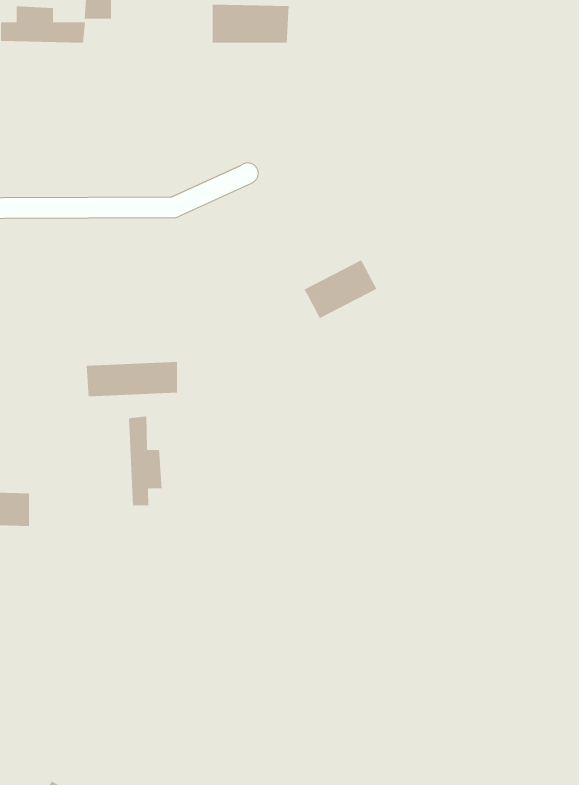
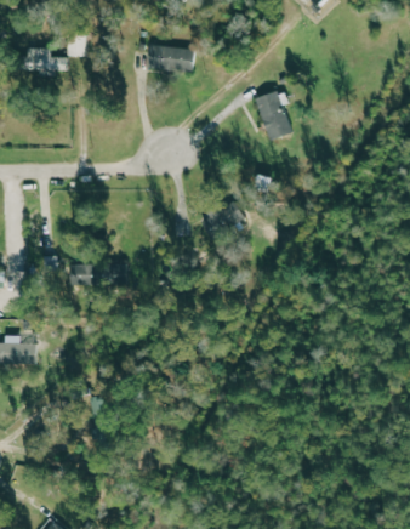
building: none -> [257,91,290,140]
building: [128,416,163,506] -> none

